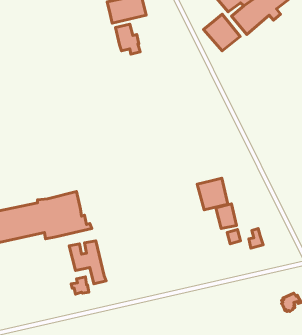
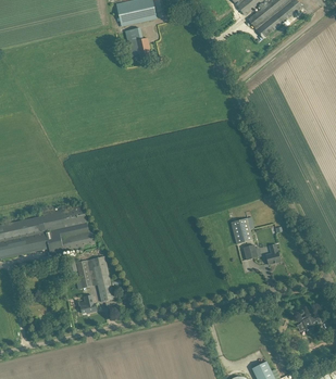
building: [204,14,240,51] -> none
building: [197,178,228,210] -> none

